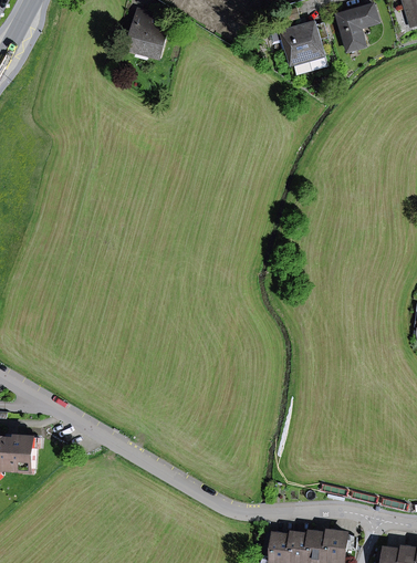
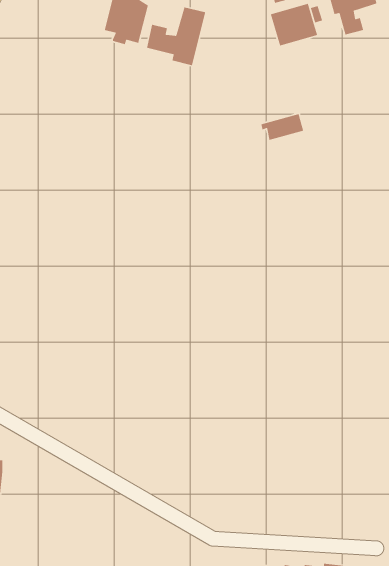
building: none -> [146,6,206,66]
building: [286,50,326,75] -> [261,113,304,141]

